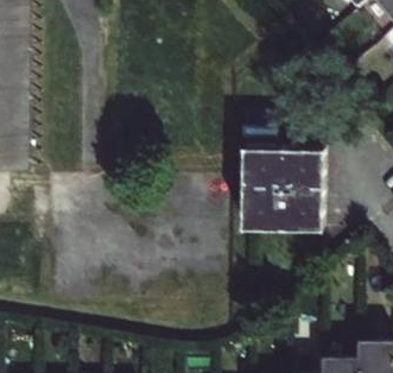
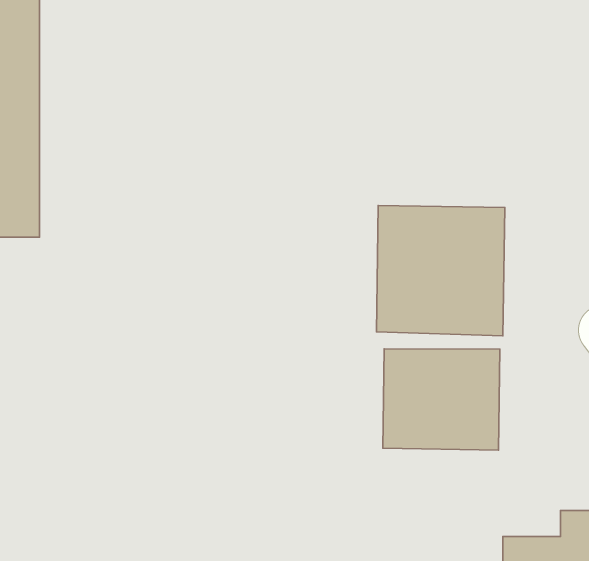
building: none -> [383,349,500,450]

